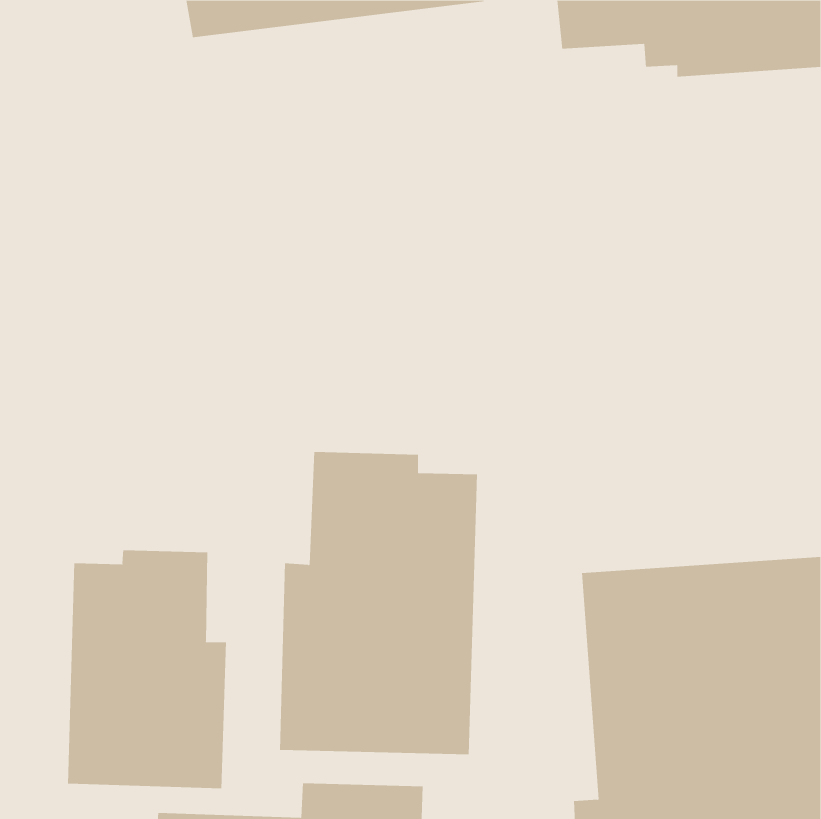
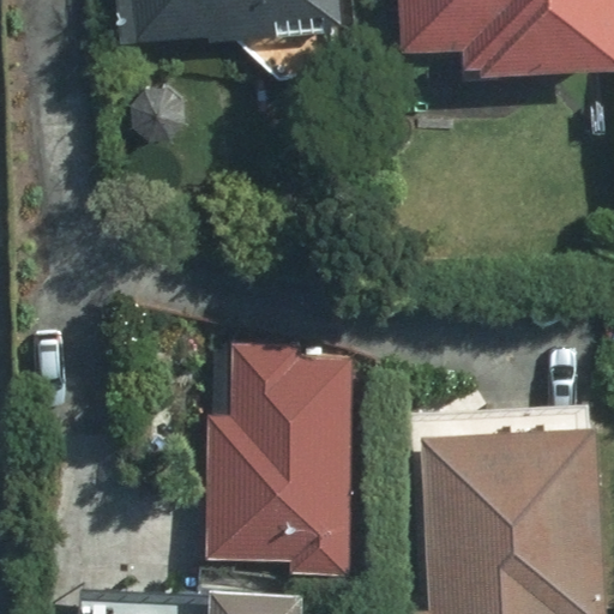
building: [67,550,226,789] -> none

